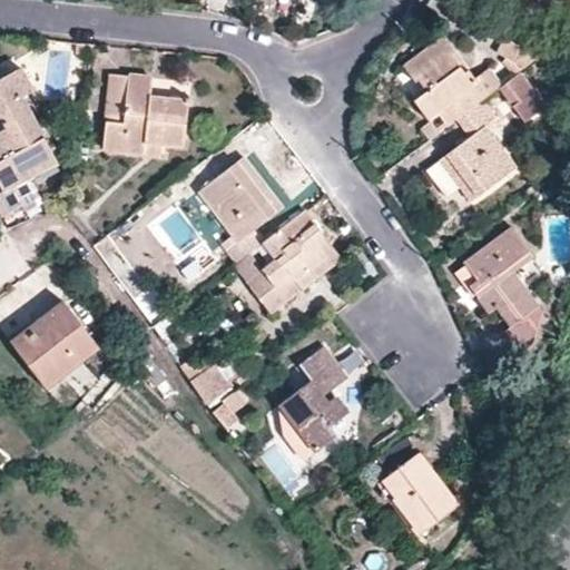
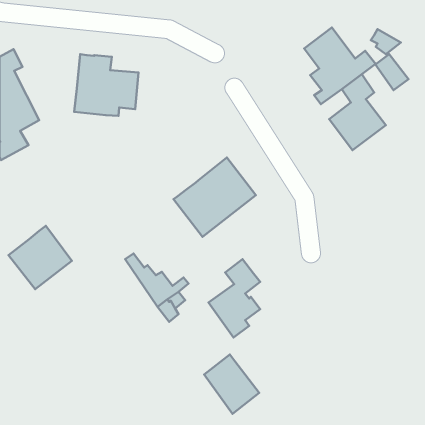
building: [198,156,283,263] -> none
building: [452,228,543,353] -> none
building: [383,454,456,533] -> [204,355,259,414]

